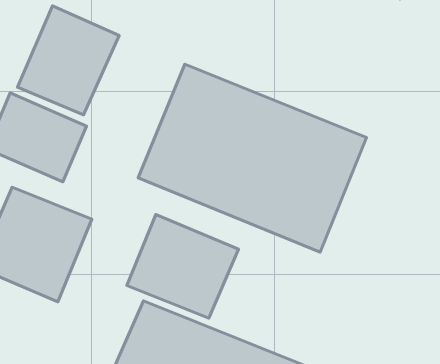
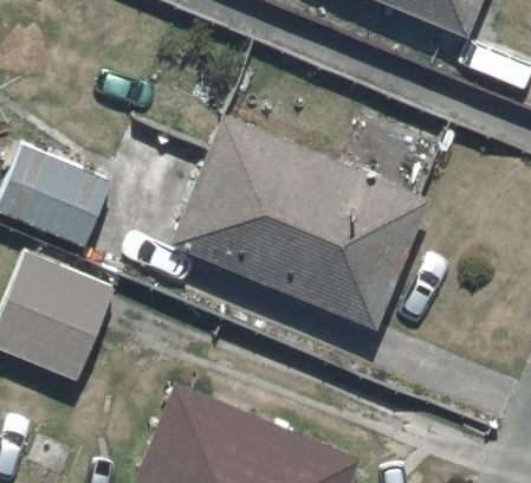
building: [17,6,119,115] -> none
building: [127,215,239,318] -> none

